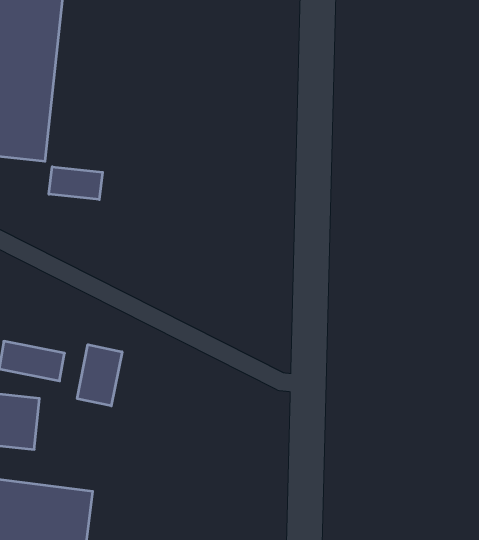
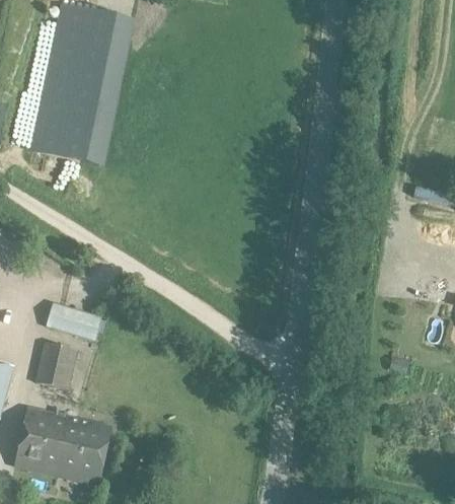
building: [49,167,103,200] -> none
building: [77,345,122,406] -> none

